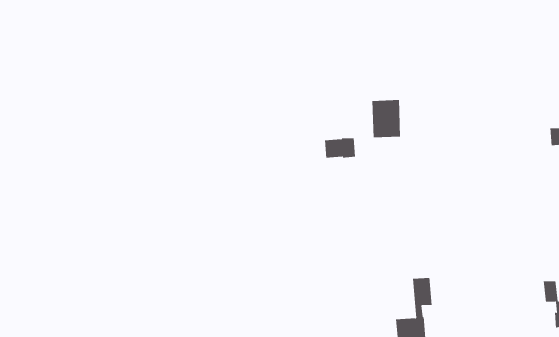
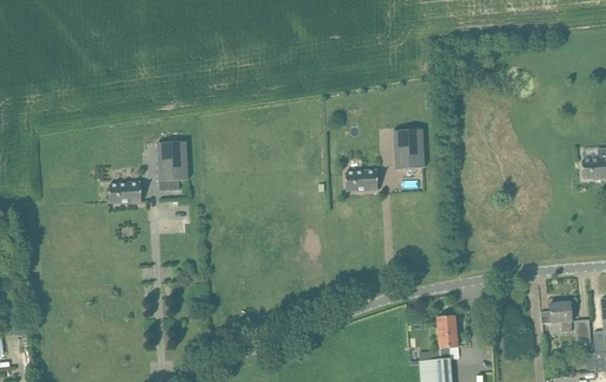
building: none -> [157,142,189,183]
building: none -> [109,182,141,203]
building: none -> [549,300,570,332]

